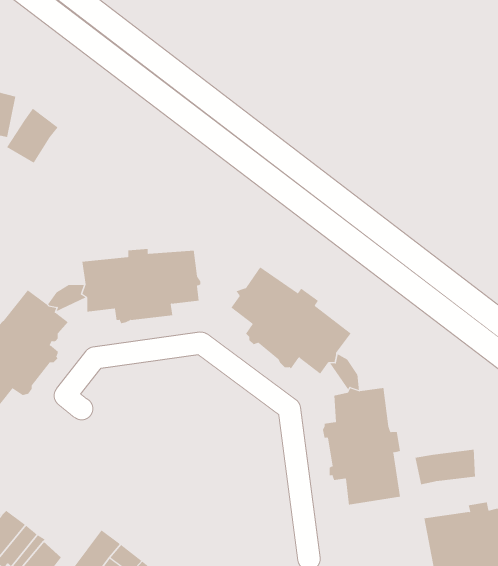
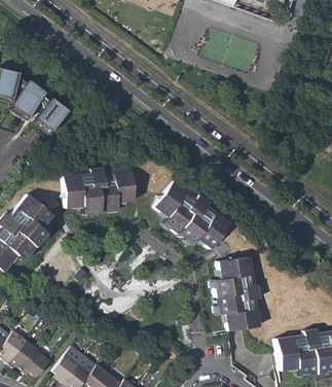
building: none -> [37,97,70,130]
building: [415,449,475,485] -> none

